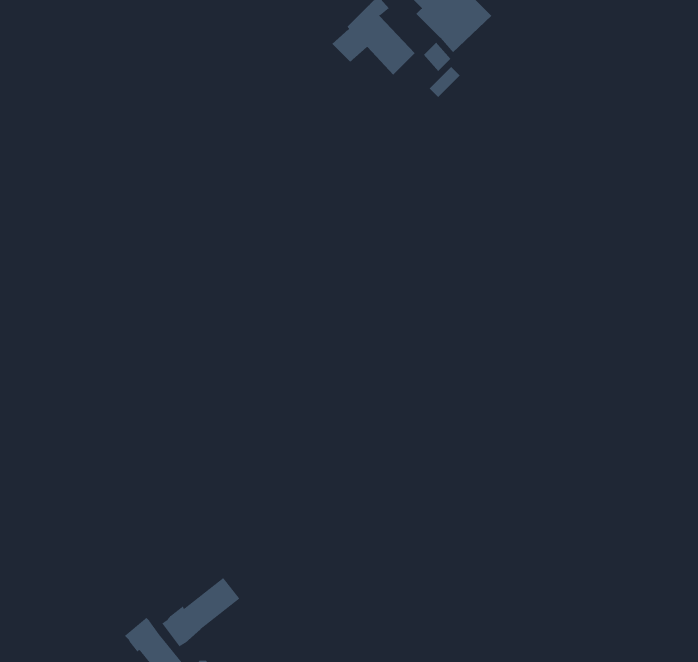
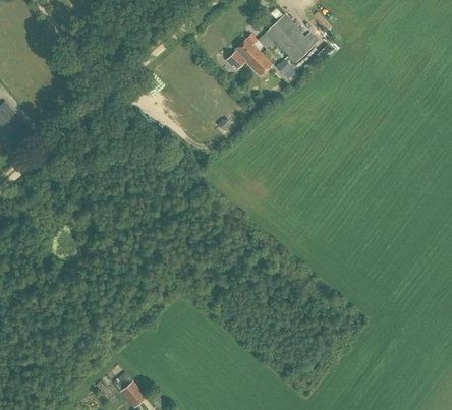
building: [161,577,240,647] -> none

